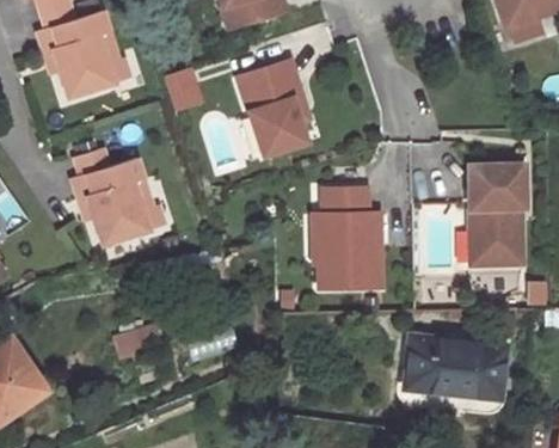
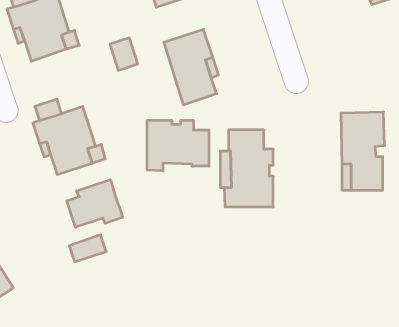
building: none -> [147,120,209,171]
building: none -> [67,180,122,227]
building: [408,336,510,398] -> none

